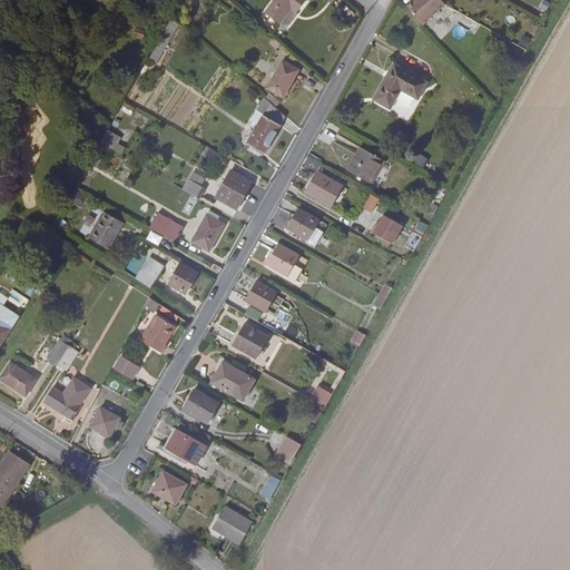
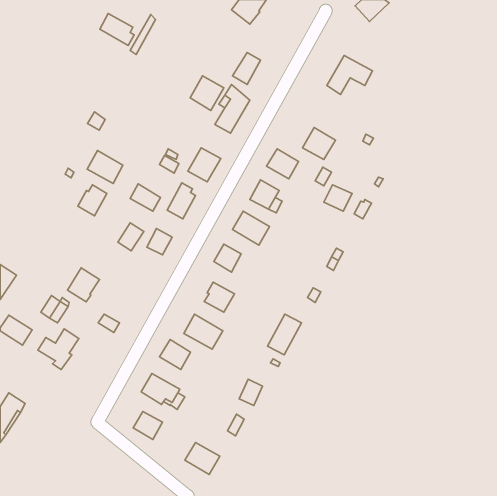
building: none -> [100,13,134,46]
building: none -> [190,76,224,111]
building: none -> [87,151,123,183]
building: [139,313,176,352] -> [68,268,100,302]
building: [89,406,122,436] -> none

